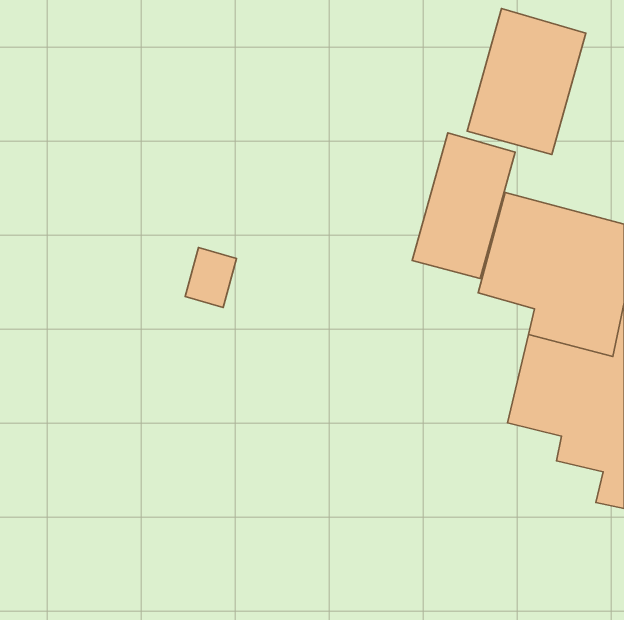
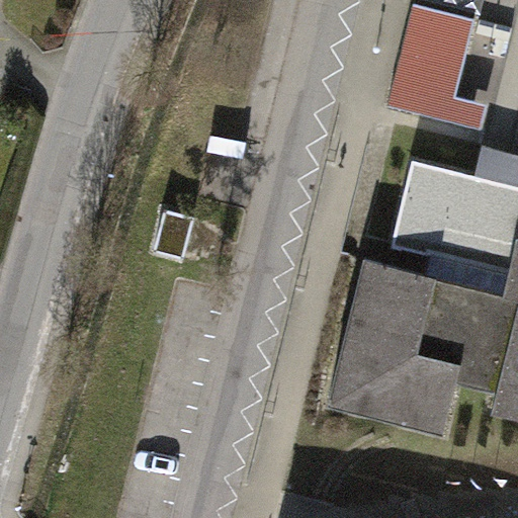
building: [412,133,515,279] -> none
building: none -> [332,259,463,431]

